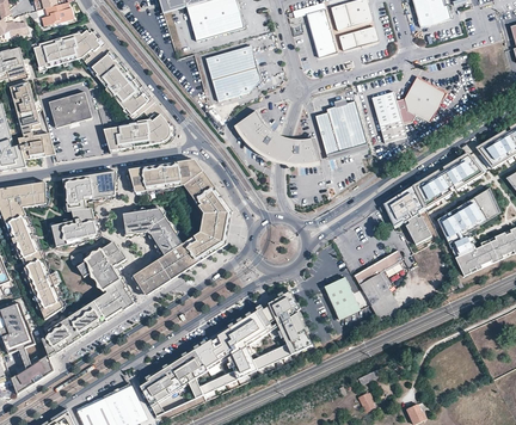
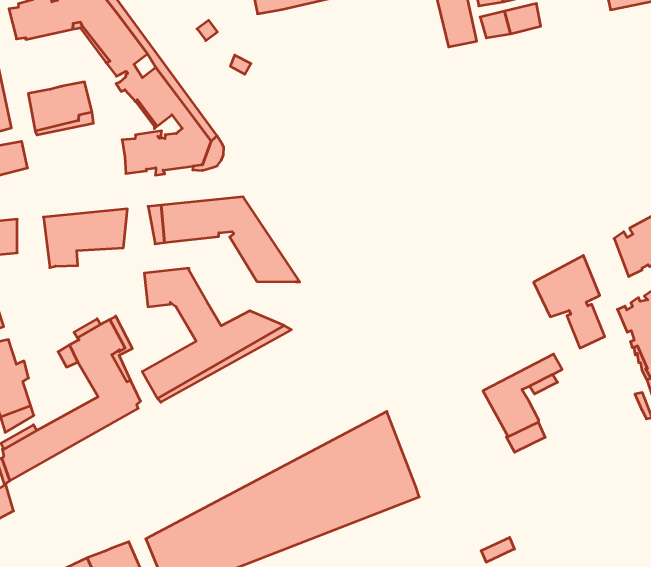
building: [203,47,258,101] -> none
building: [370,75,446,142] -> none
building: [315,100,367,155] -> none
building: [235,110,318,164] -> none
building: [412,173,442,208] -> none
building: [53,209,100,247] -> none
building: [199,213,228,241] -> none
building: [322,277,358,319] -> none

